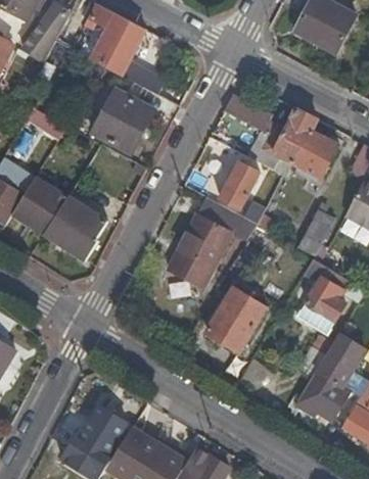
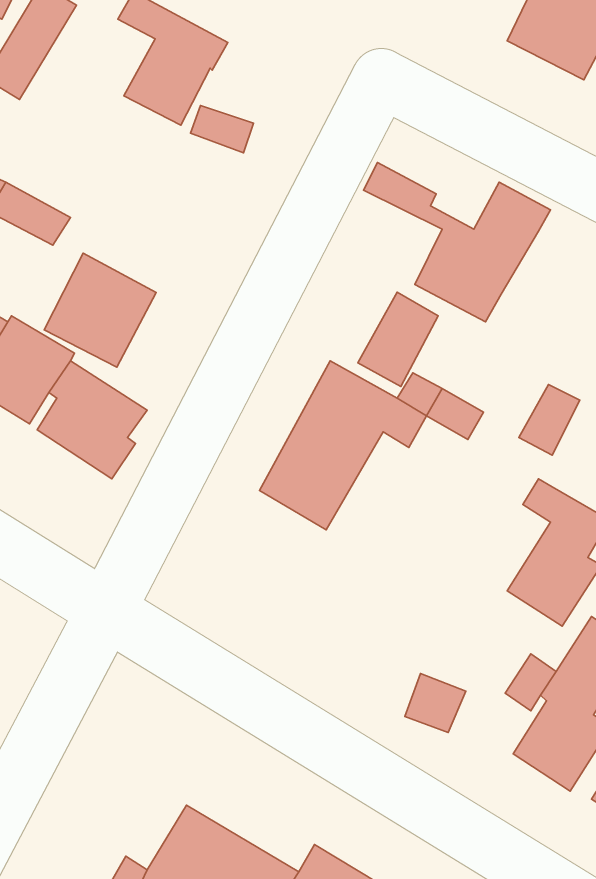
building: [97,94,155,153] -> [44,253,156,367]
building: [291,132,334,178] -> none
building: [205,287,265,350] -> none
building: [77,409,126,460] -> none

